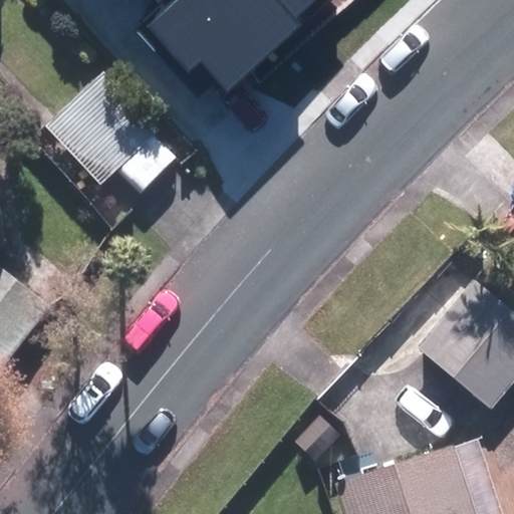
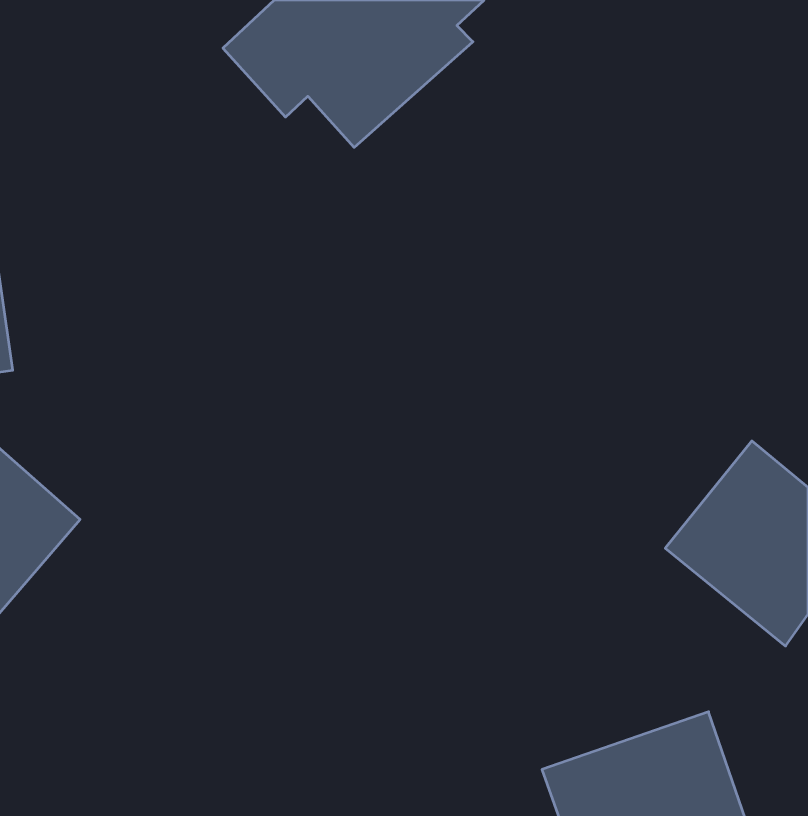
building: [51,68,158,175] -> none

